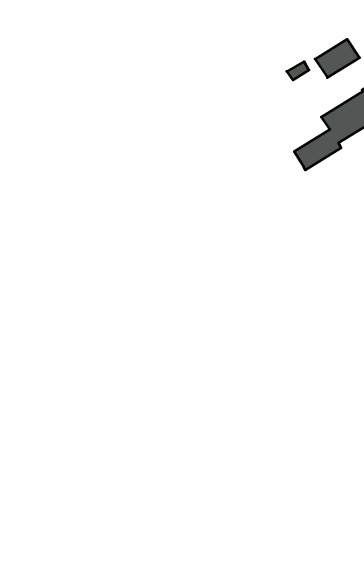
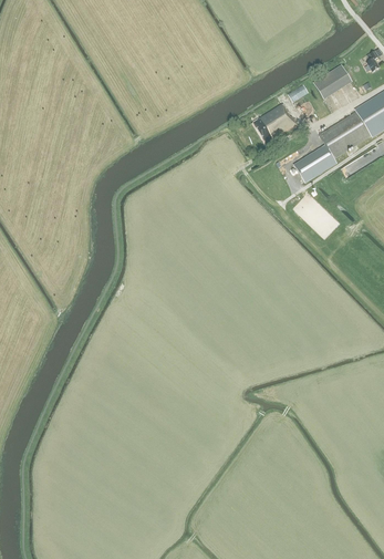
building: none -> [252,103,298,143]

